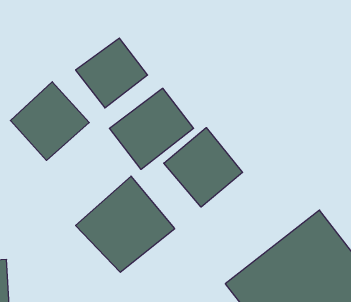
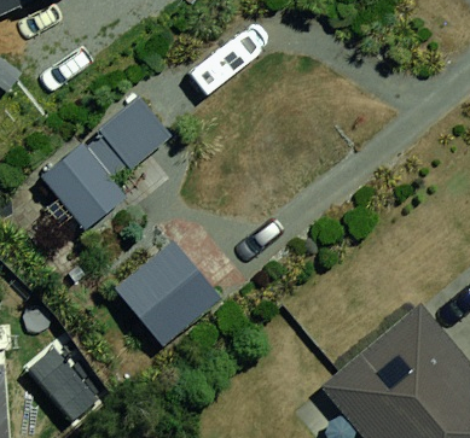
building: [109,88,194,169] -> none
building: [164,128,243,207] -> none

